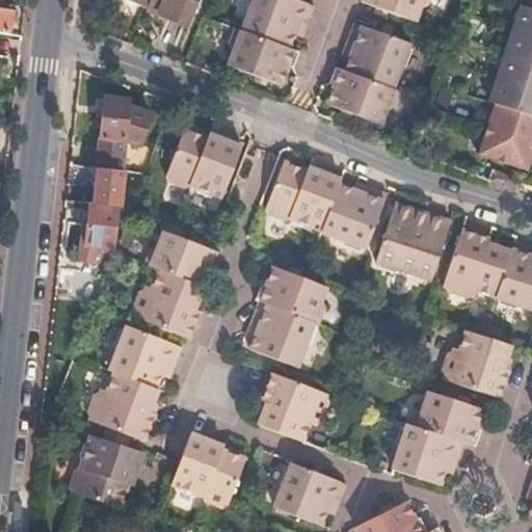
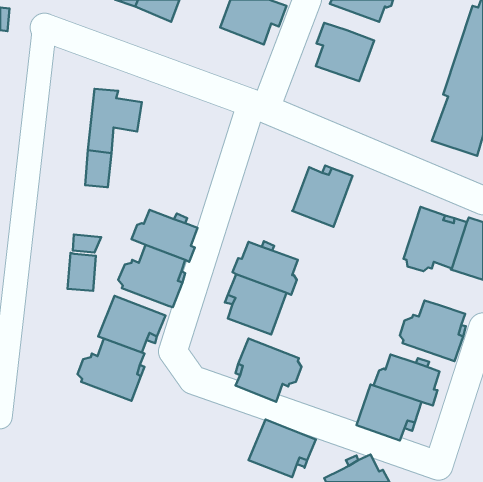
building: [229,28,300,85] -> none
building: [329,70,403,126] -> none
building: [166,128,242,195] -> none
building: [265,161,342,231] -> none
building: [86,203,117,244] -> [68,253,96,291]
building: [377,204,451,280] -> none
building: [71,432,145,506] -> none
building: [171,432,245,508] -> none

